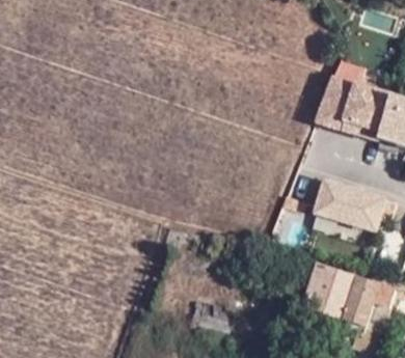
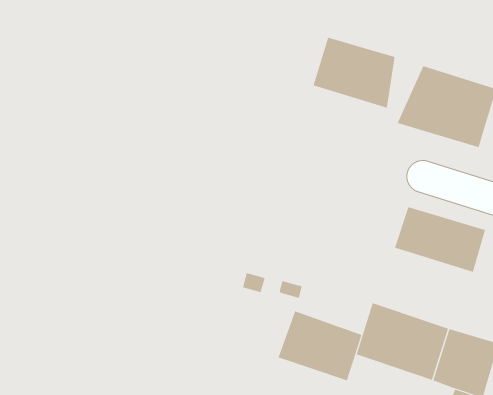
building: none -> [313,37,395,108]
building: none -> [278,310,362,381]

